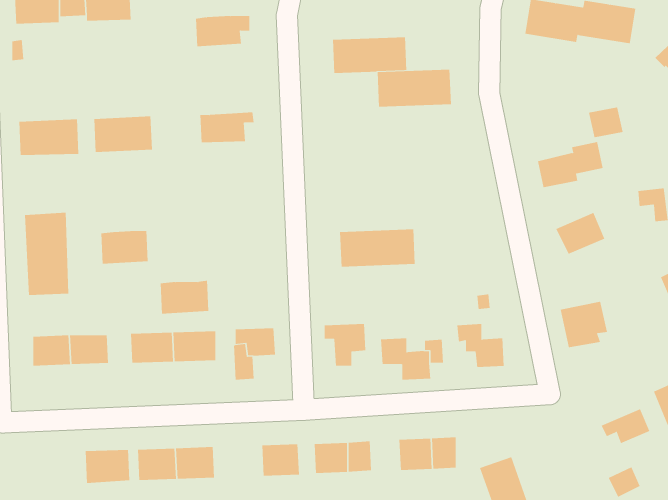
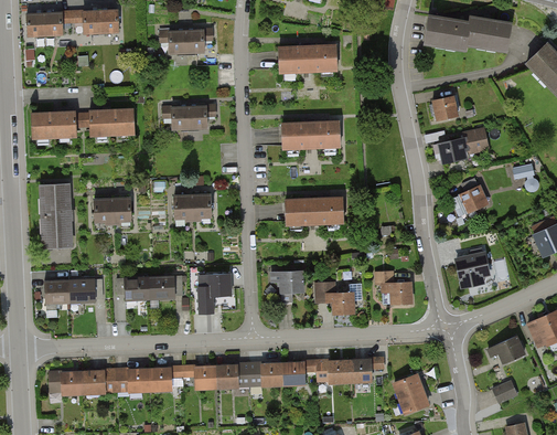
building: [377,69,452,107] -> [278,120,336,150]
building: [588,107,623,138] -> [429,96,457,120]
building: [160,280,209,314] -> [173,193,212,220]
building: none -> [196,365,222,391]
building: none -> [47,370,84,396]

